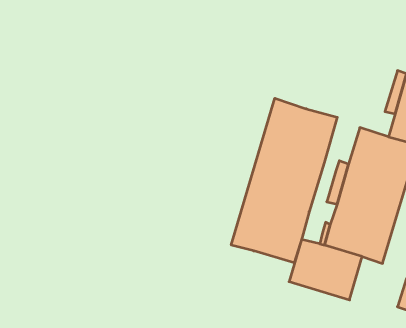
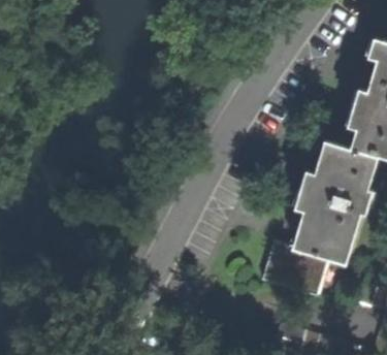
building: [231,98,337,263] -> none

